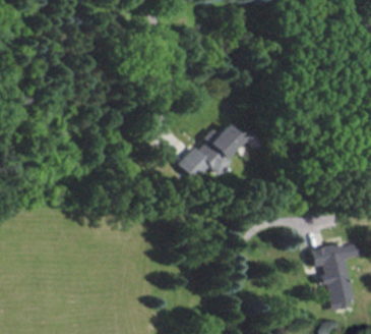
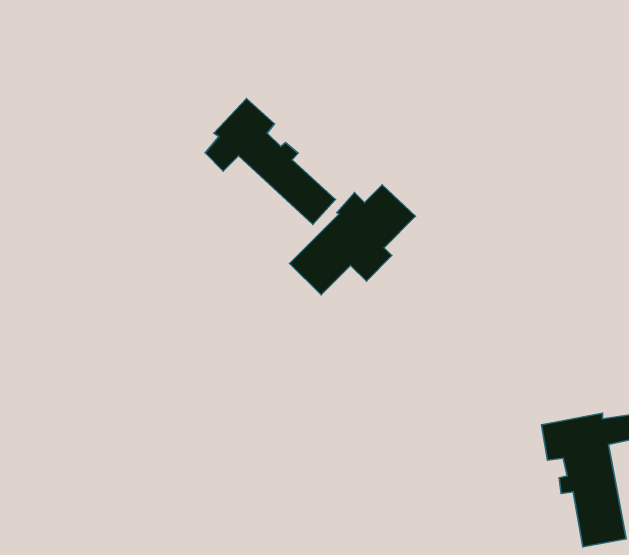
building: none -> [205,98,336,224]

